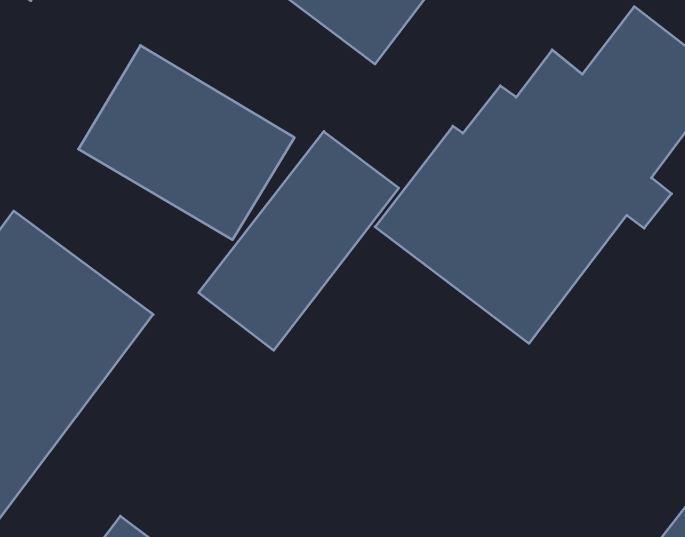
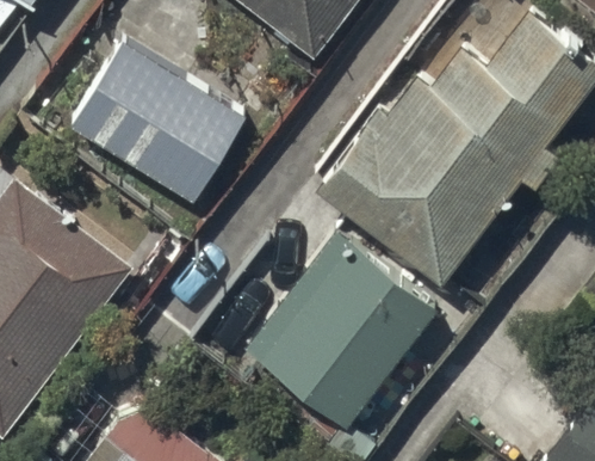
building: [199,131,399,350] -> none
building: none -> [247,232,438,426]

